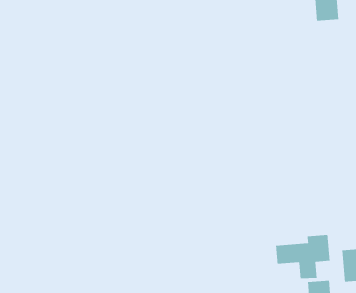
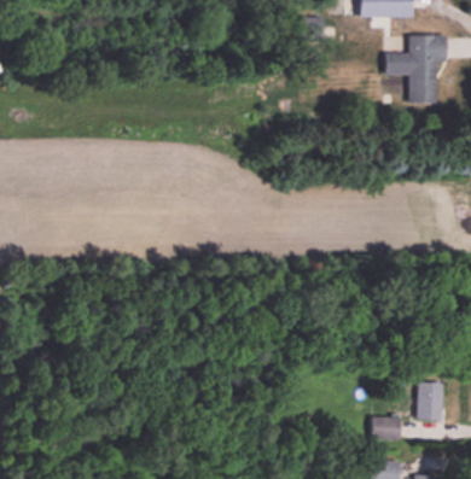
building: [275,234,330,279] -> none

